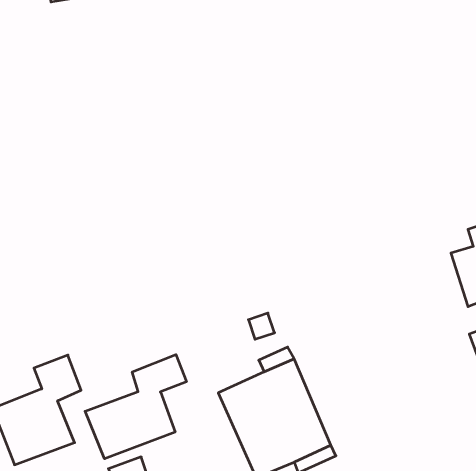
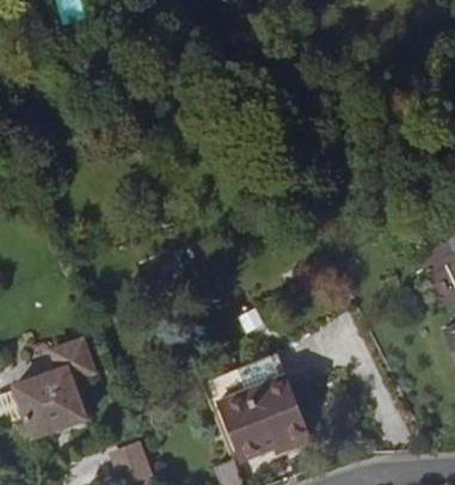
building: [85,355,186,459] -> none

